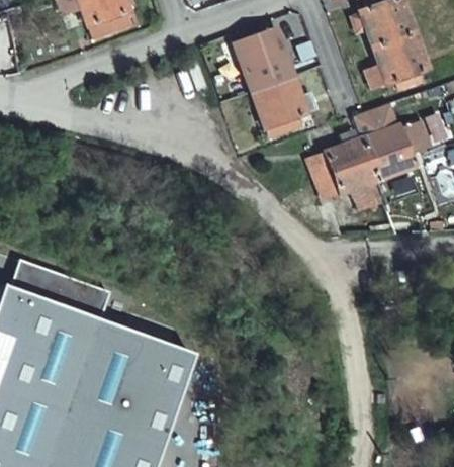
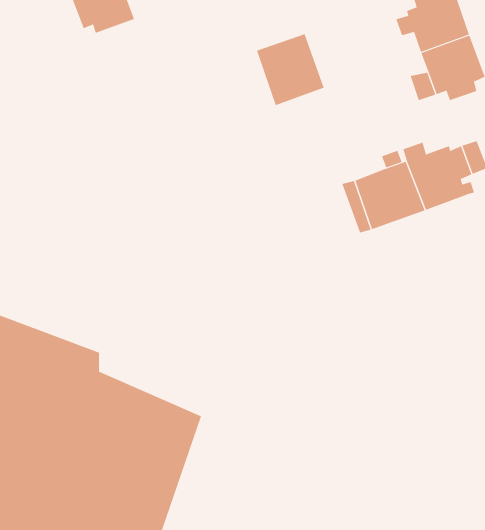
building: [251,76,305,131] -> none

